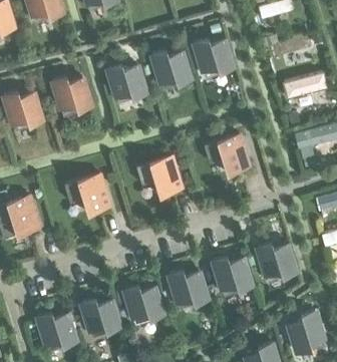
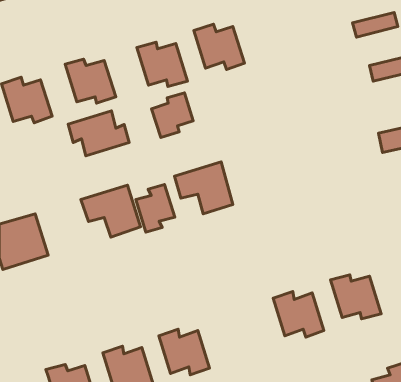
building: [195,38,233,73] -> none
building: none -> [152,93,193,137]
building: none -> [68,111,129,156]
building: [204,134,250,174] -> none
building: none -> [136,185,175,232]
building: [168,271,208,305] -> none

